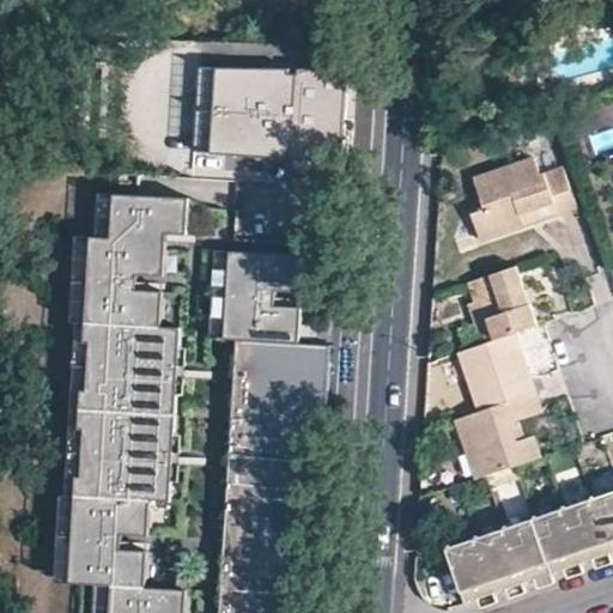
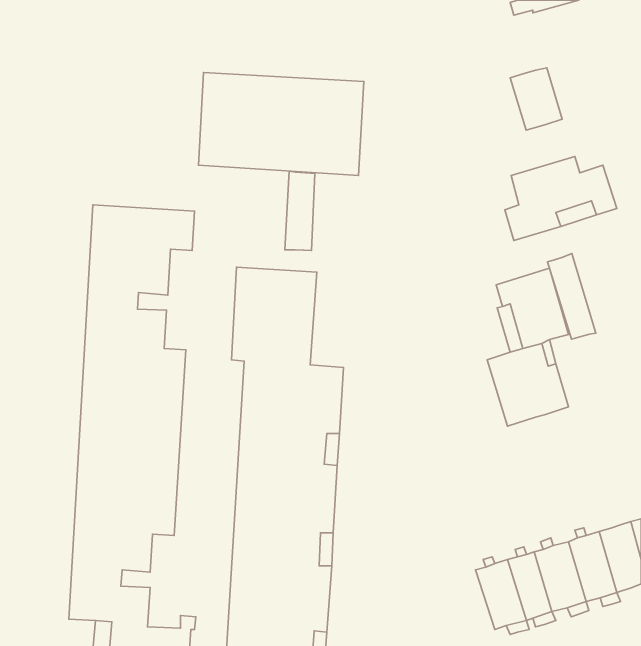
building: none -> [510,68,562,130]
building: none -> [285,171,315,251]
building: none -> [547,254,596,339]
building: [455,387,541,475] -> none

